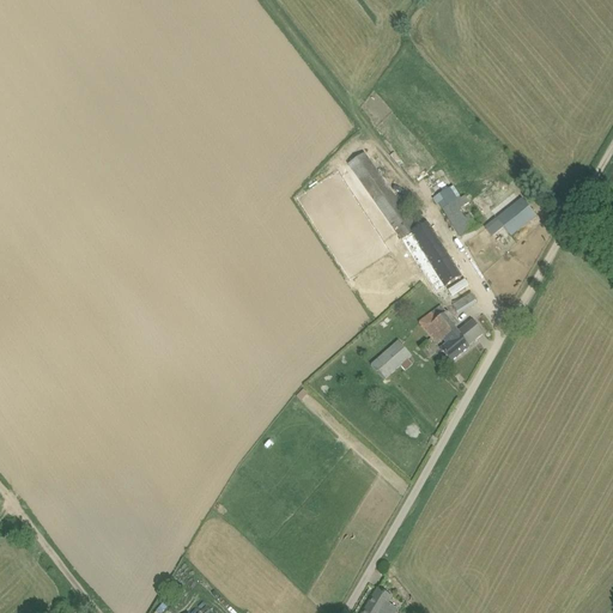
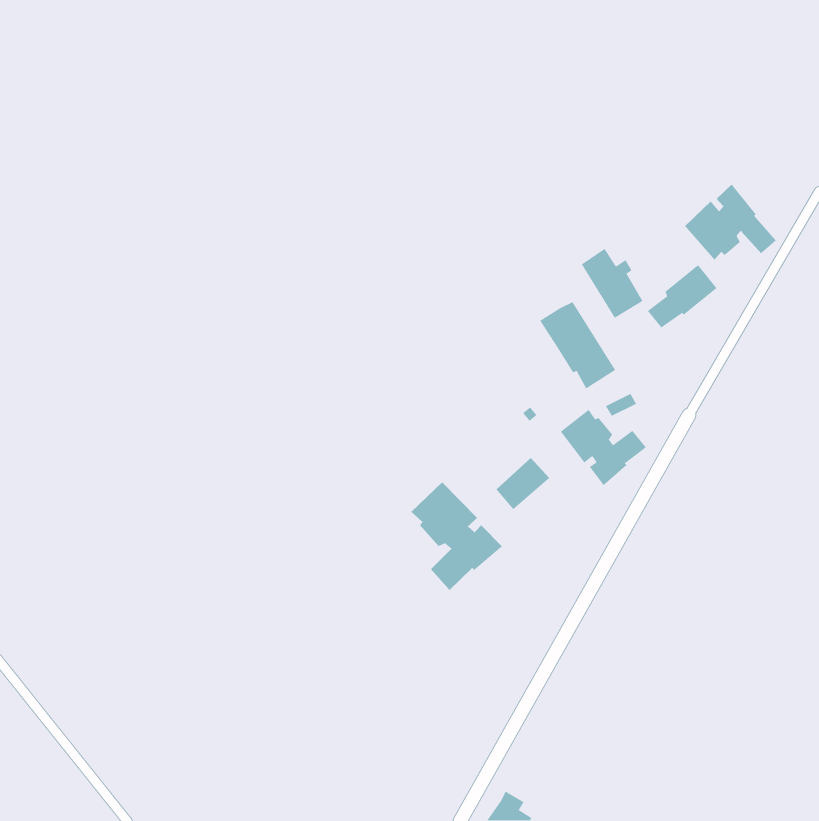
building: none -> [684,183,777,261]
building: [346,152,417,238] -> none
building: none -> [411,481,503,591]

